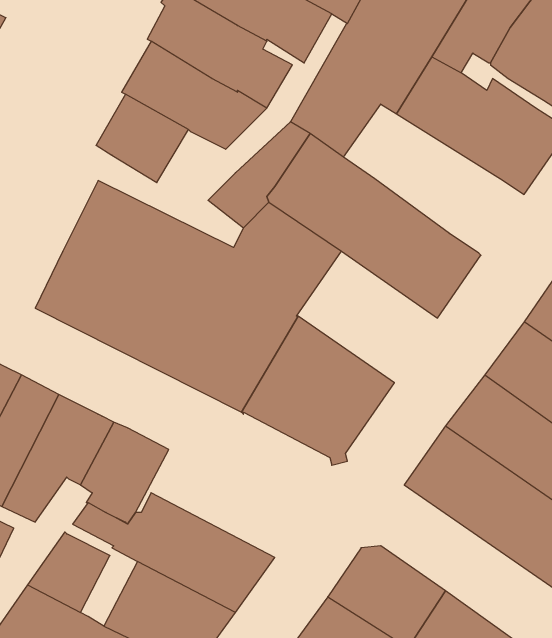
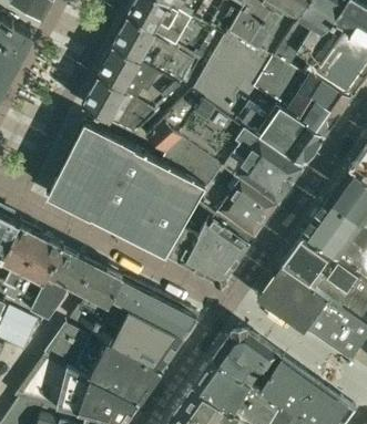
building: none -> [222,84,324,166]
building: none -> [116,99,159,136]
building: none -> [195,167,275,241]
building: none -> [104,279,196,340]

